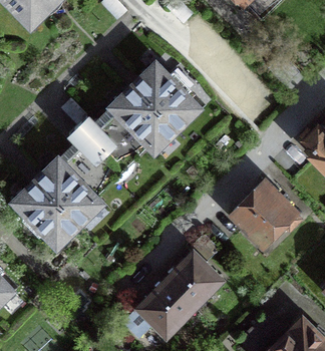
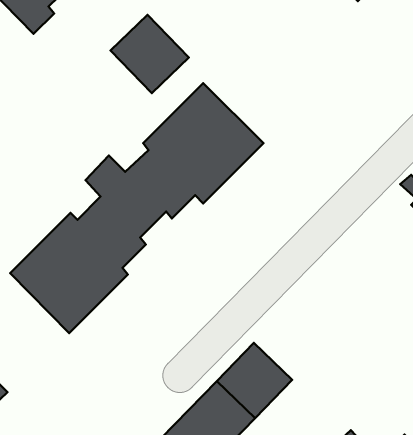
building: none -> [111,15,189,93]
building: [232,182,296,246] -> none

